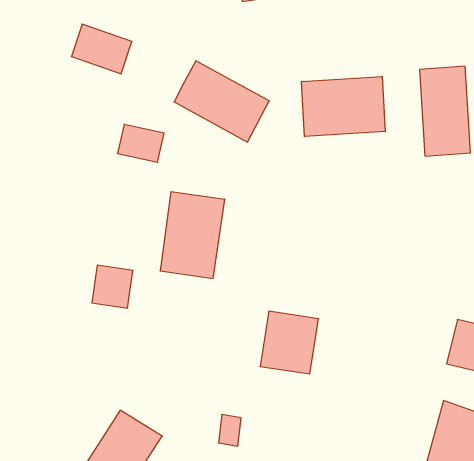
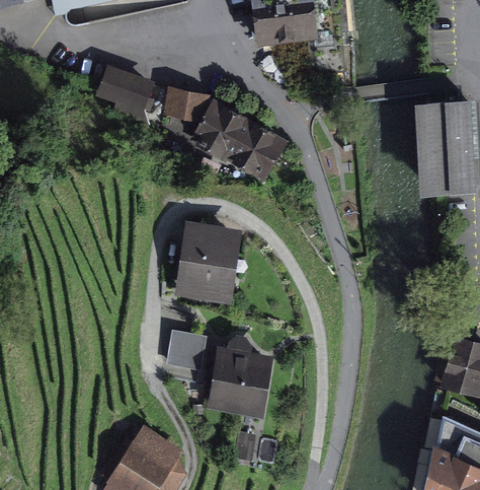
building: [301,76,385,137] -> none
building: [118,124,164,162] -> [163,87,207,123]
building: [92,265,133,308] -> [167,330,206,370]
building: [260,311,319,374] -> [214,353,268,412]

